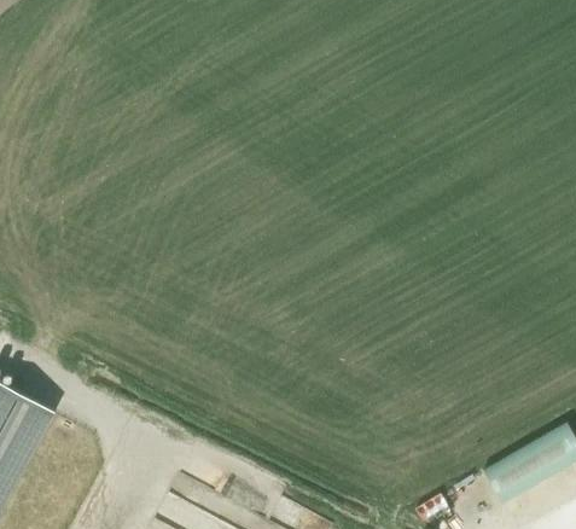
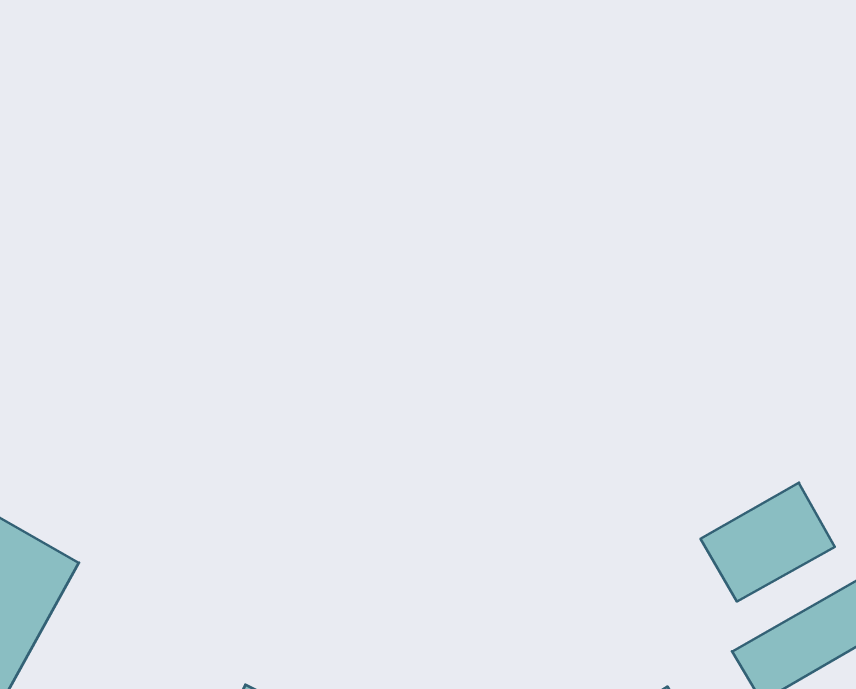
building: none -> [701,483,835,601]

